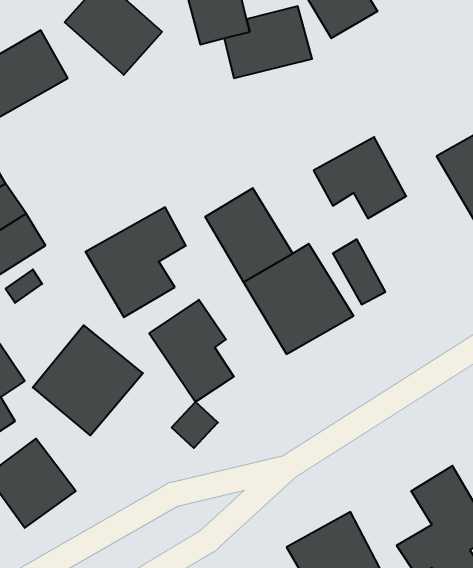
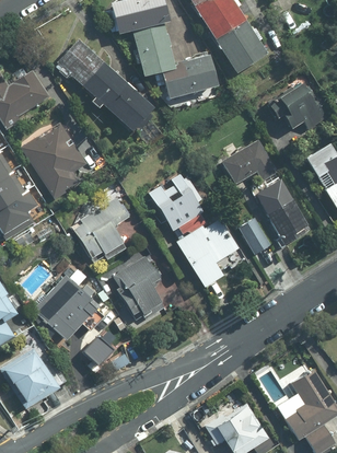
building: none -> [91,68,158,135]
building: none -> [270,84,324,132]
building: none -> [28,124,94,194]
building: none -> [258,181,313,245]
building: [172,402,218,448] -> [81,336,113,368]

